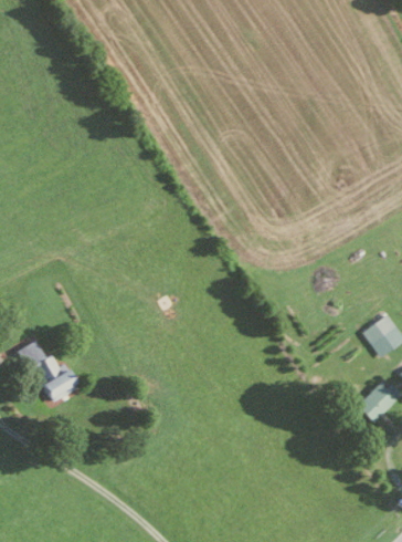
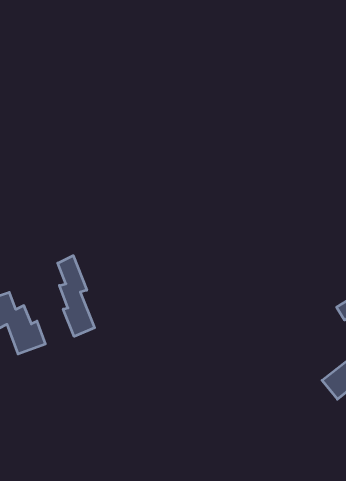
building: none -> [58,256,95,336]

